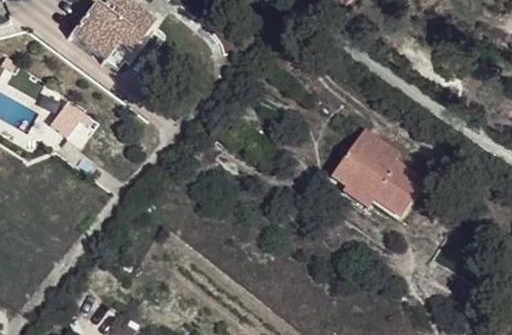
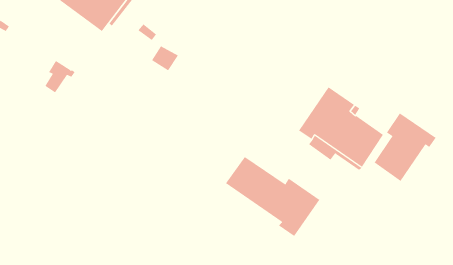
building: none -> [374,113,436,182]
building: none -> [225,156,320,237]

